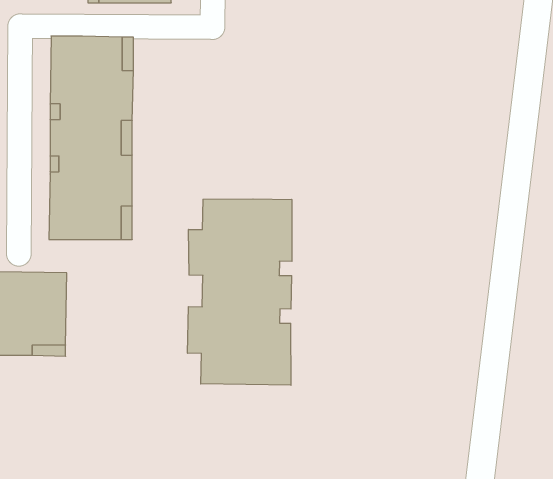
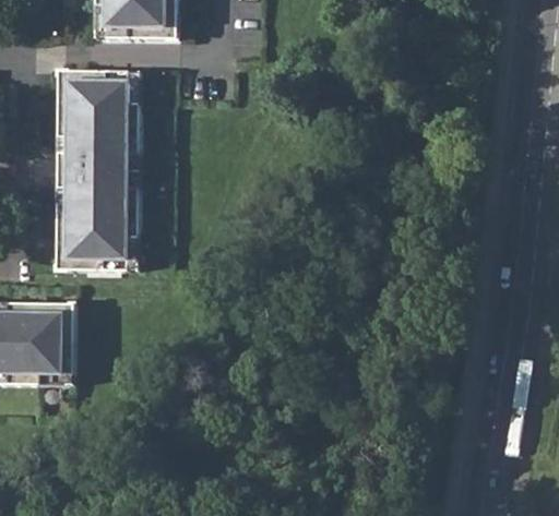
building: [188,199,292,385] -> none

